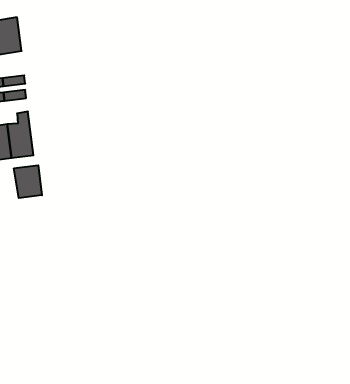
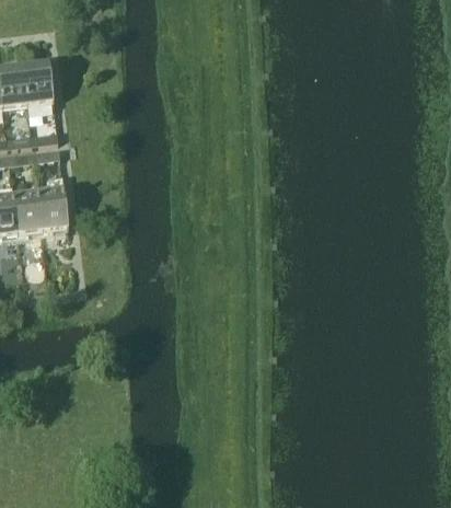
building: [14,165,42,198] -> none

